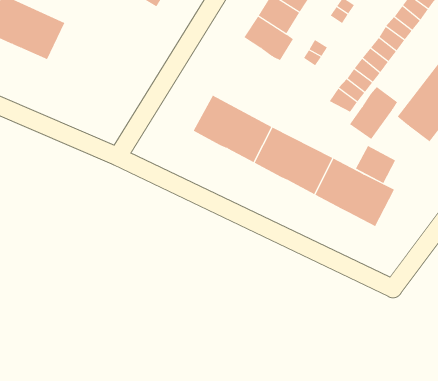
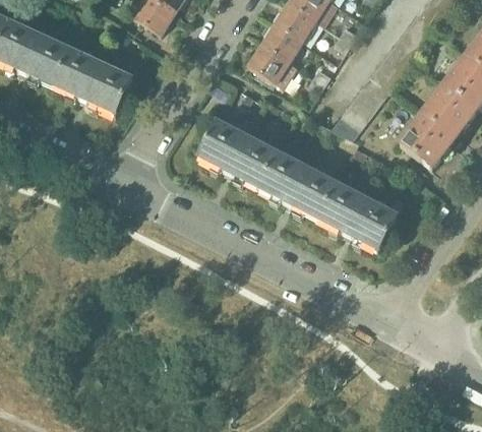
building: none -> [55,48,132,112]
building: [349,86,398,140] -> none
building: [355,145,396,184] -> none

